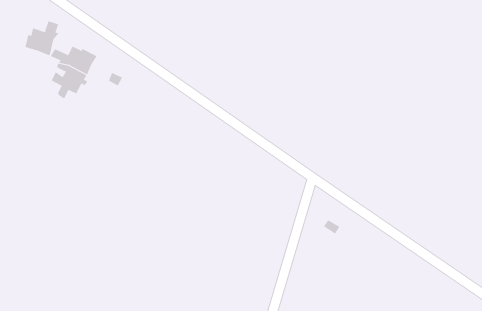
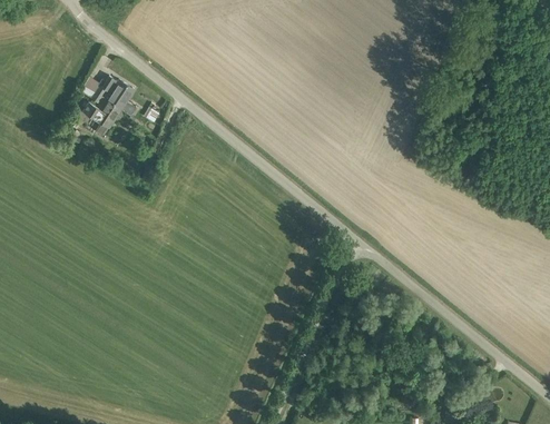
building: [25,21,60,56] -> none

